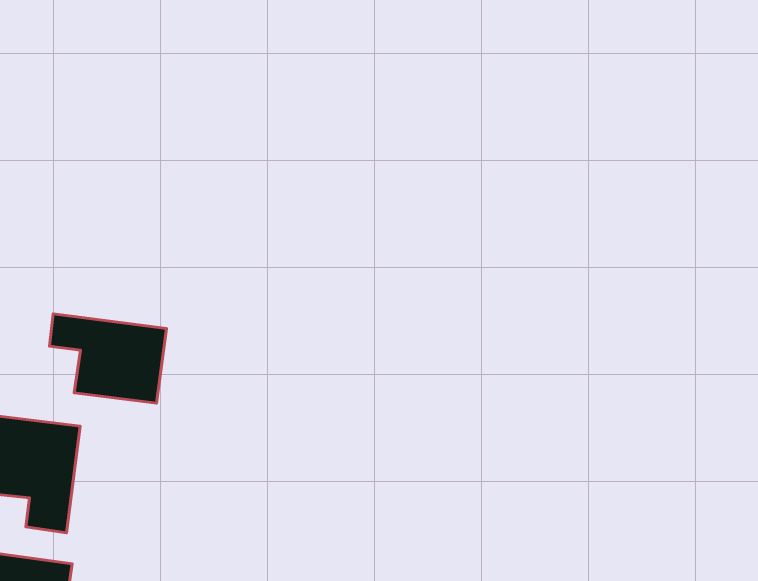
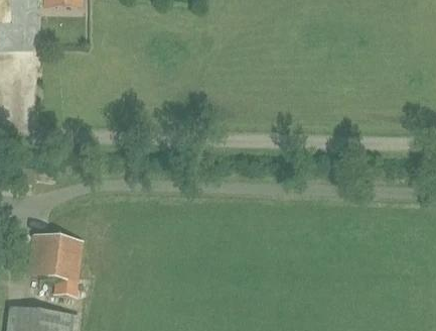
building: [50,314,167,403] -> none

